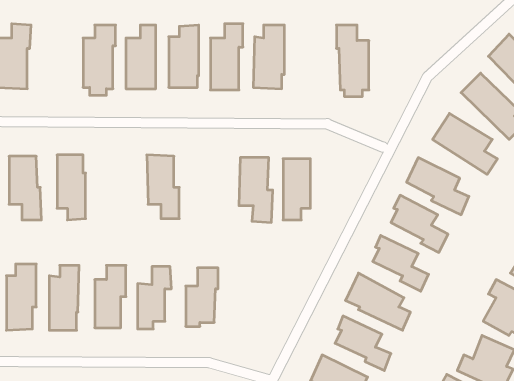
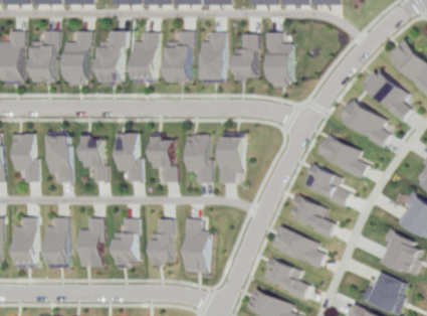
building: none -> [36,30,62,82]
building: none -> [234,33,259,81]
building: none -> [83,134,108,182]
building: none -> [155,134,180,181]
building: none -> [183,217,210,274]

